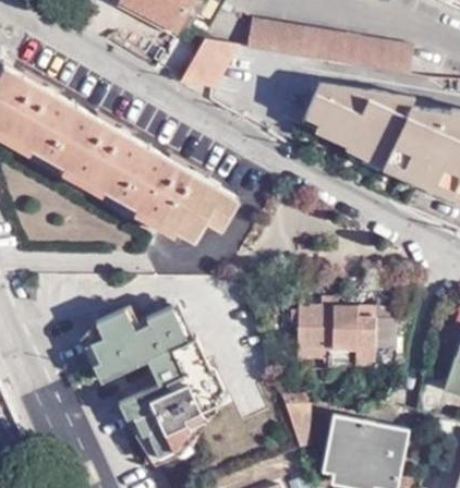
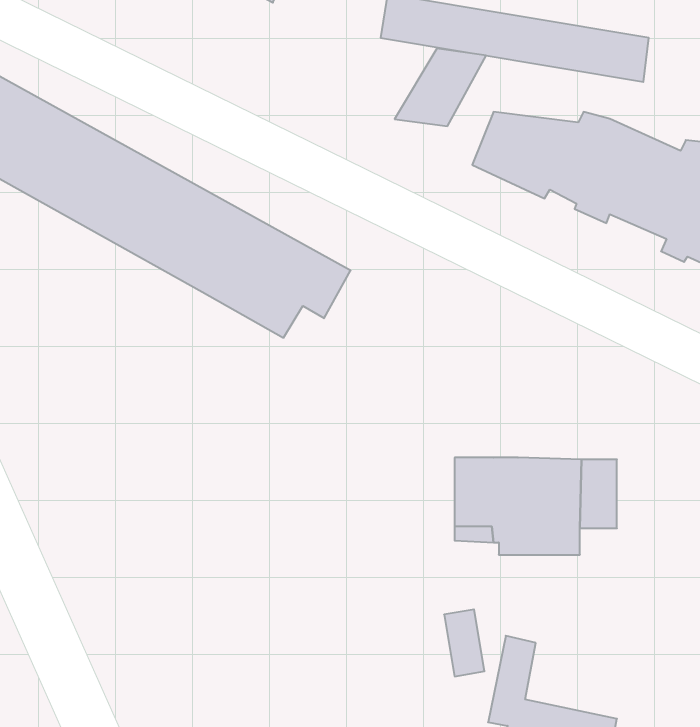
building: [181,41,238,89] -> [395,48,486,126]
building: [80,307,213,461] -> none
building: [338,422,401,468] -> none

